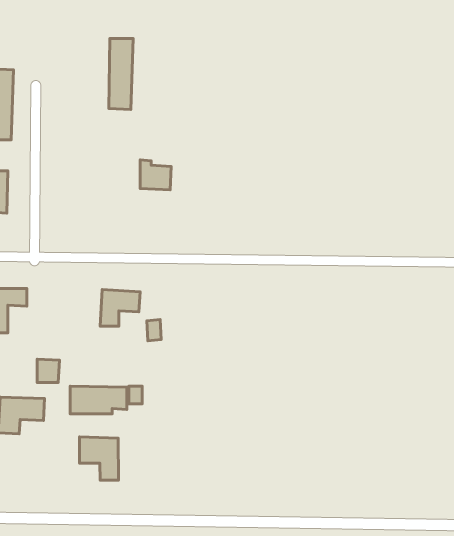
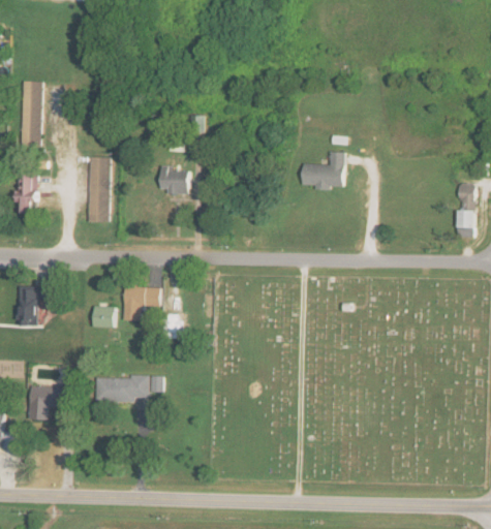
building: [109,39,133,110] -> [88,157,111,223]
building: none -> [301,152,343,190]
building: [37,359,59,382] -> [94,306,115,328]
building: [79,437,119,480] -> none

